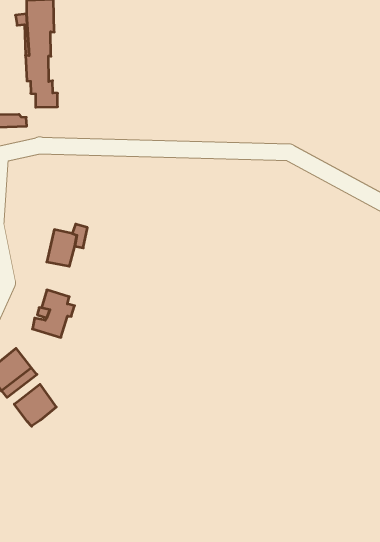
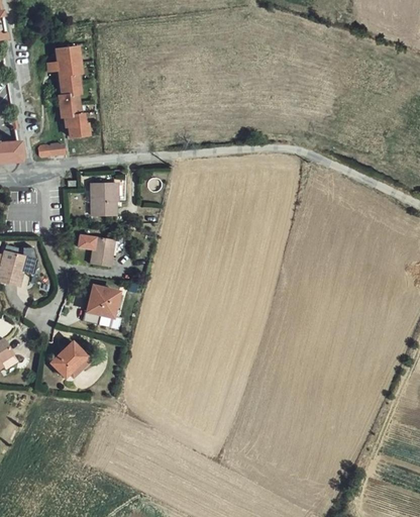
building: none -> [91,184,116,216]
building: [14,384,56,426] -> none

